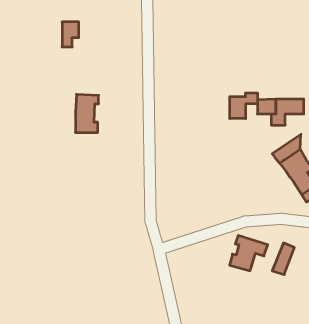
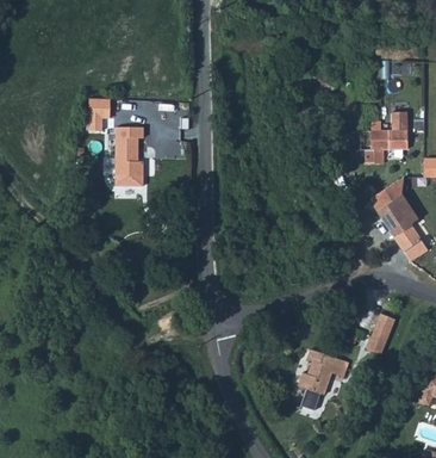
building: [62,22,79,47] -> [87,98,108,130]
building: [230,93,257,119] -> none
building: [230,236,268,271] -> [297,358,345,403]

